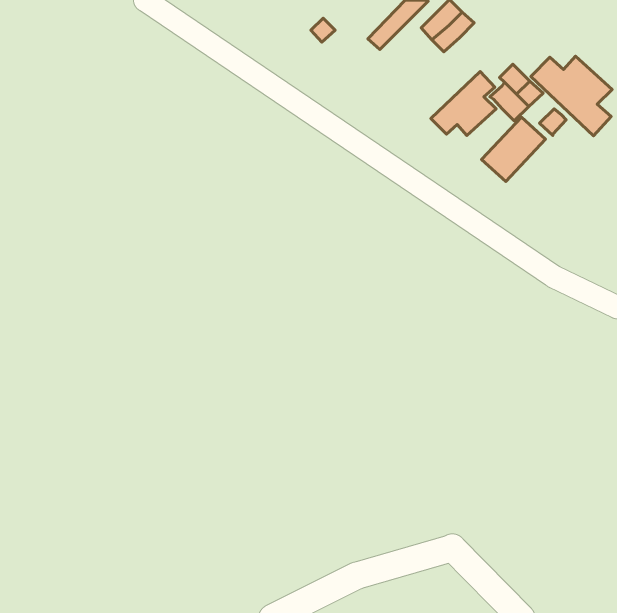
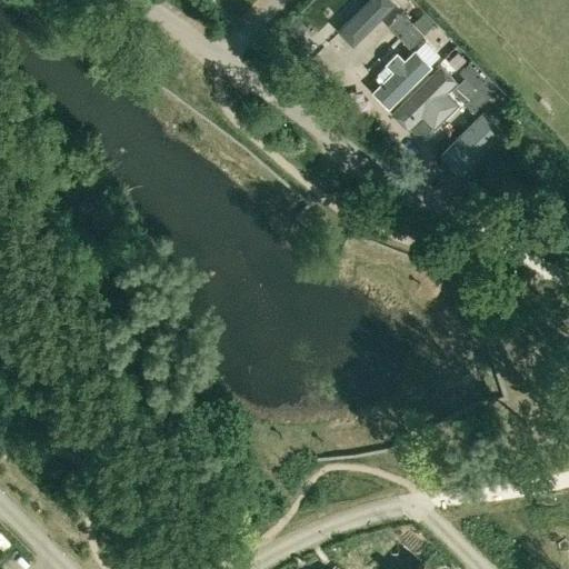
building: none -> [373,52,429,108]
building: [531,56,612,136] -> none

